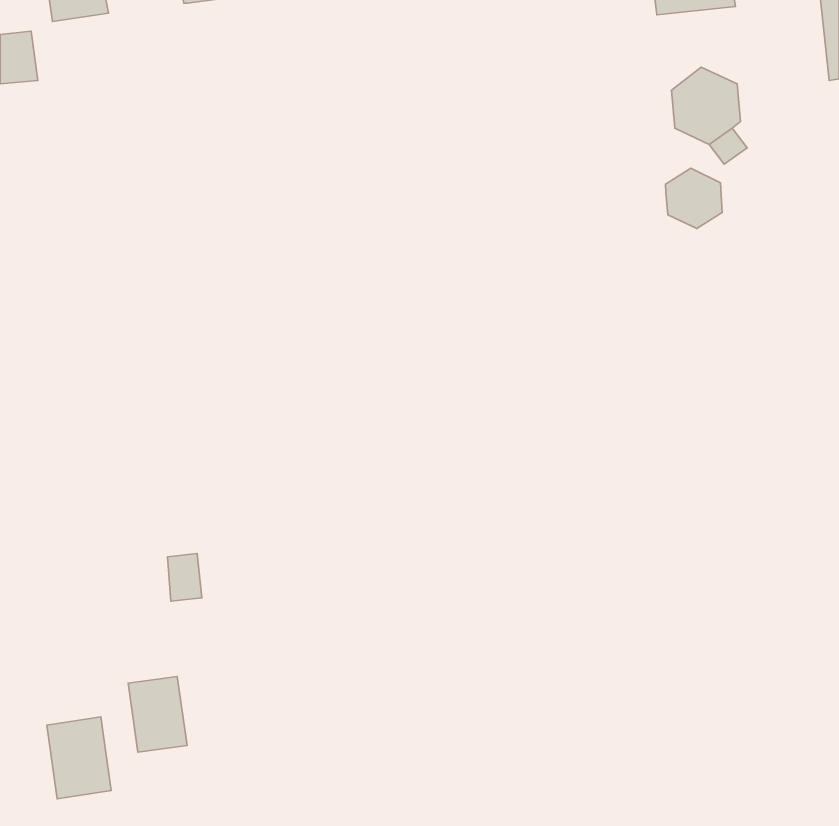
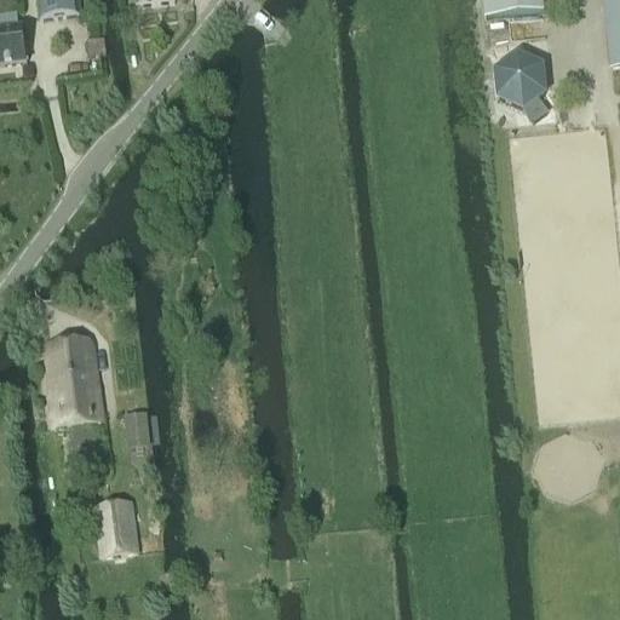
building: [666,168,722,228] -> none
building: none -> [46,335,103,425]
building: [47,717,111,799] -> none

